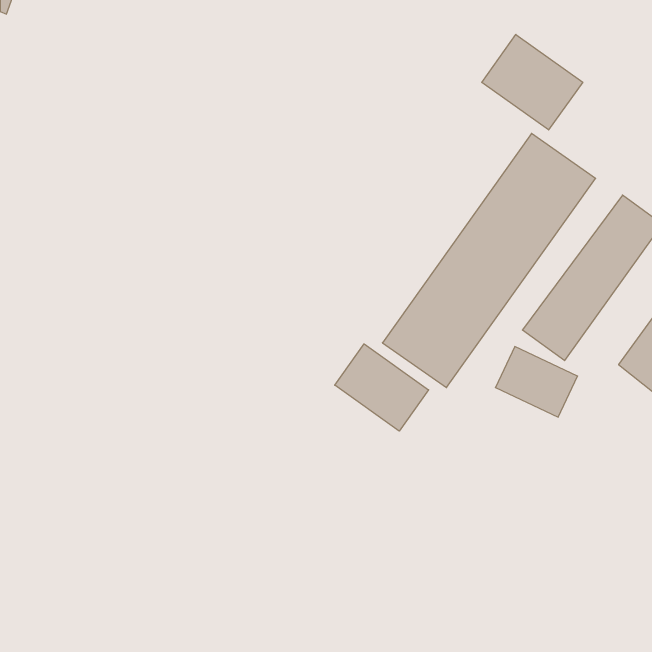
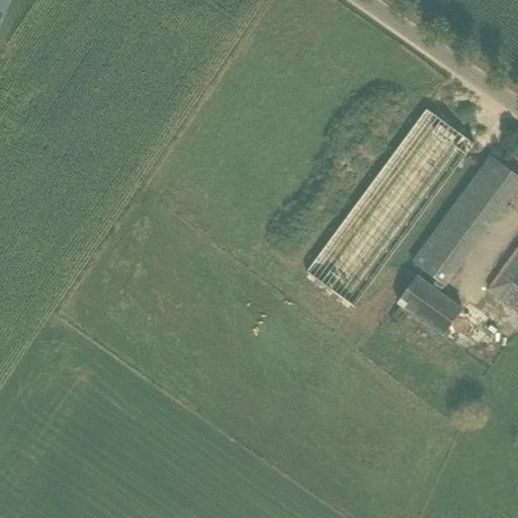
building: [482,34,583,130] -> none
building: [335,344,429,431] -> none

